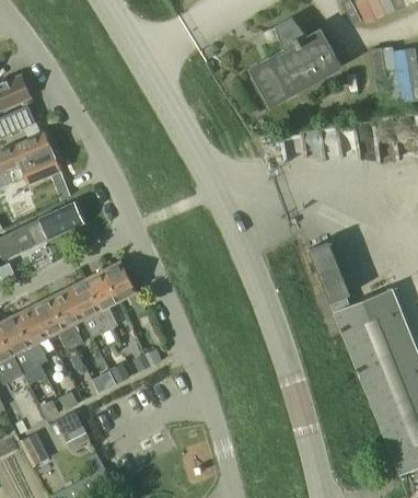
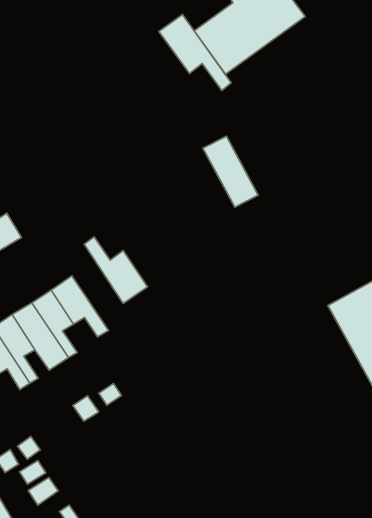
building: none -> [159,14,231,91]
building: none -> [84,237,148,303]
building: [309,243,350,303] -> [203,136,258,207]

